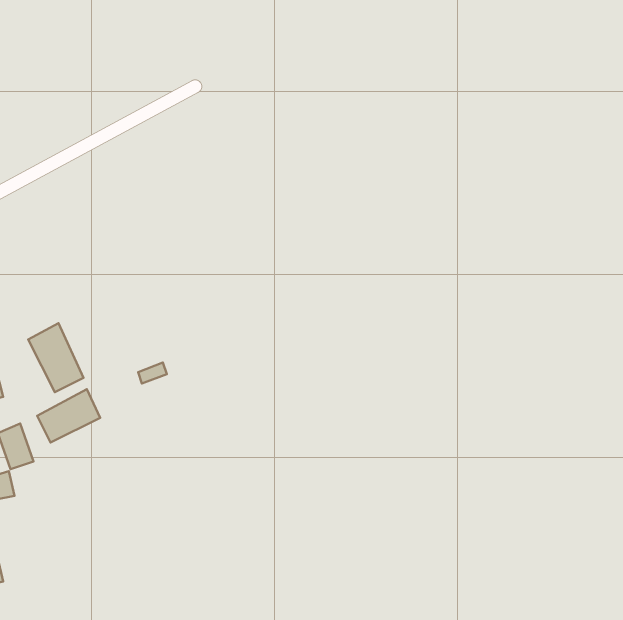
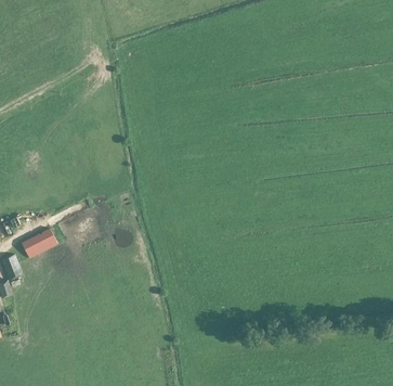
building: [28,323,84,392] -> none

